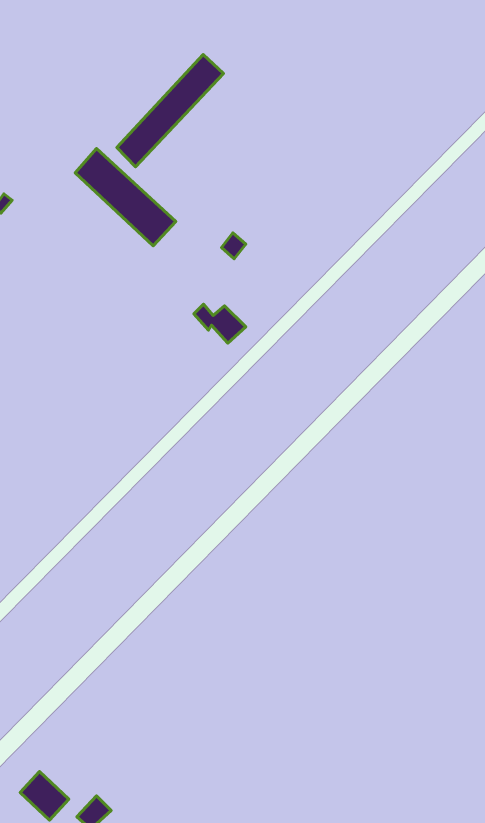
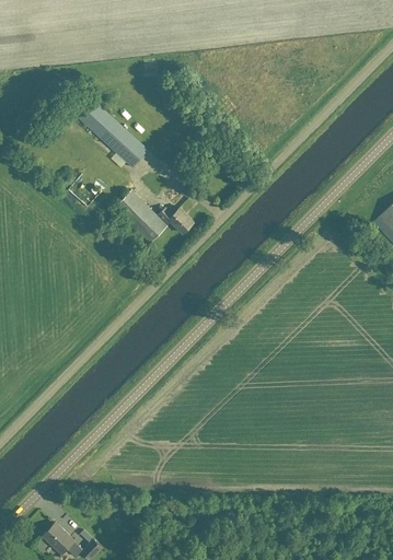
building: [117,54,224,167] -> none
building: none -> [114,189,166,243]

